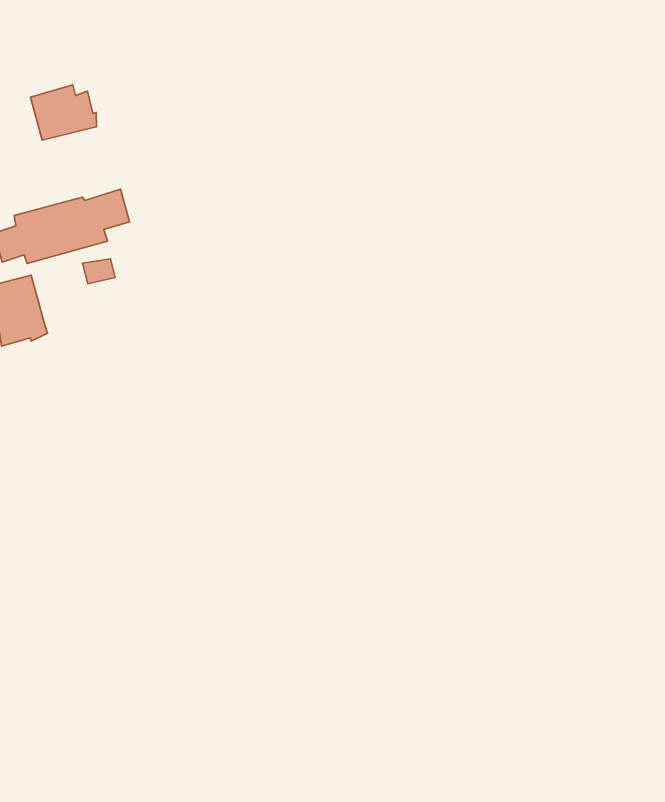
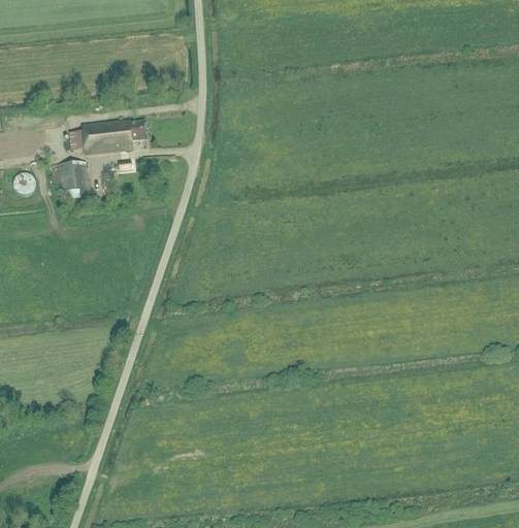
building: [30,85,96,140] -> none

